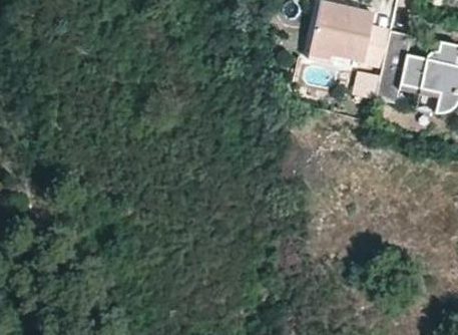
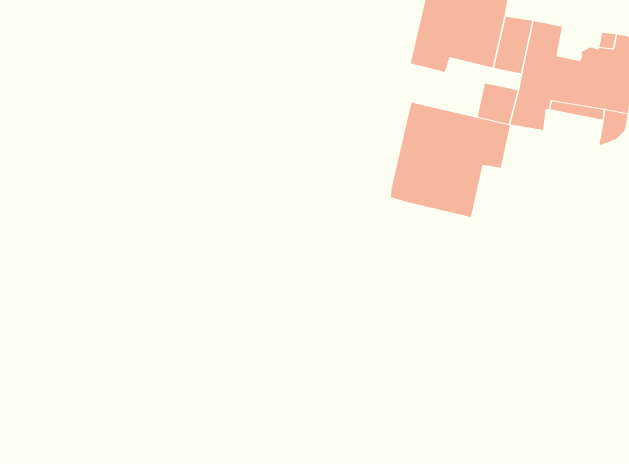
building: none -> [390,102,511,218]

